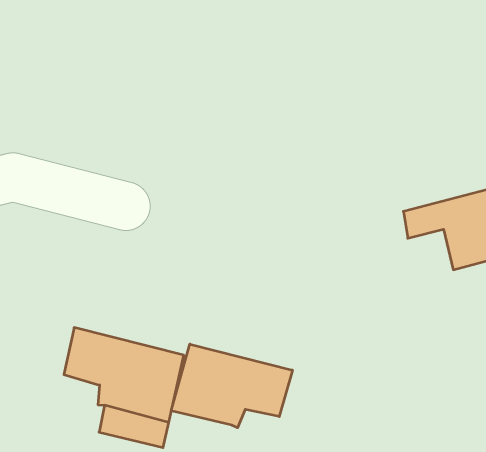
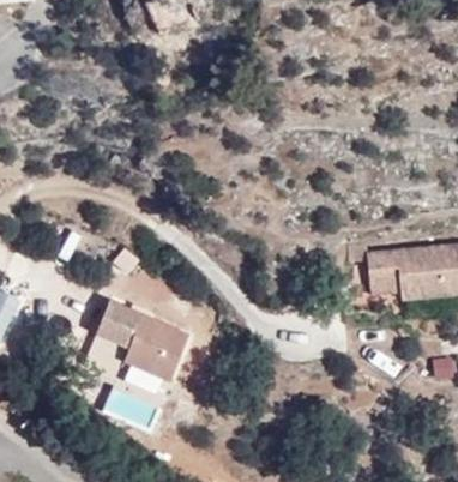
building: [171,344,292,428] -> none

